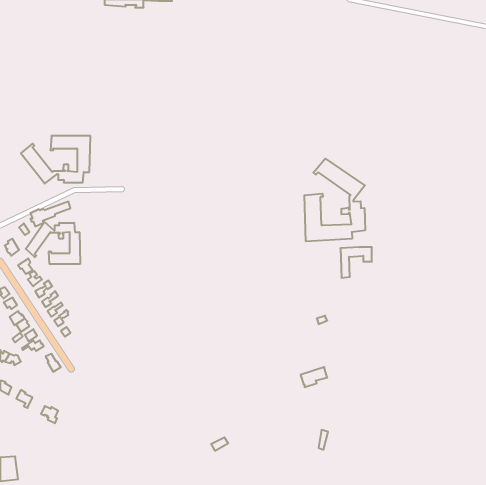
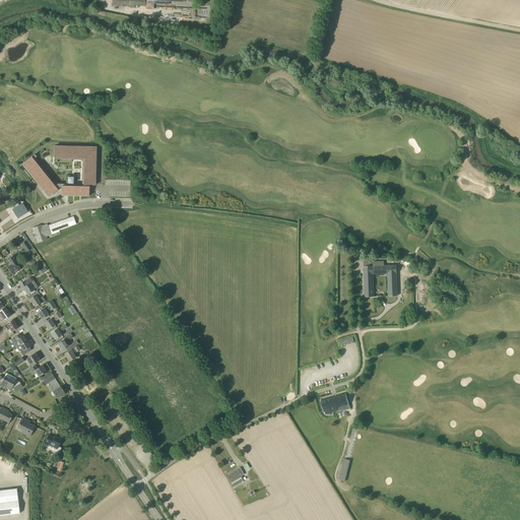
building: [304,159,365,241] -> none
building: [26,222,80,264] -> none

